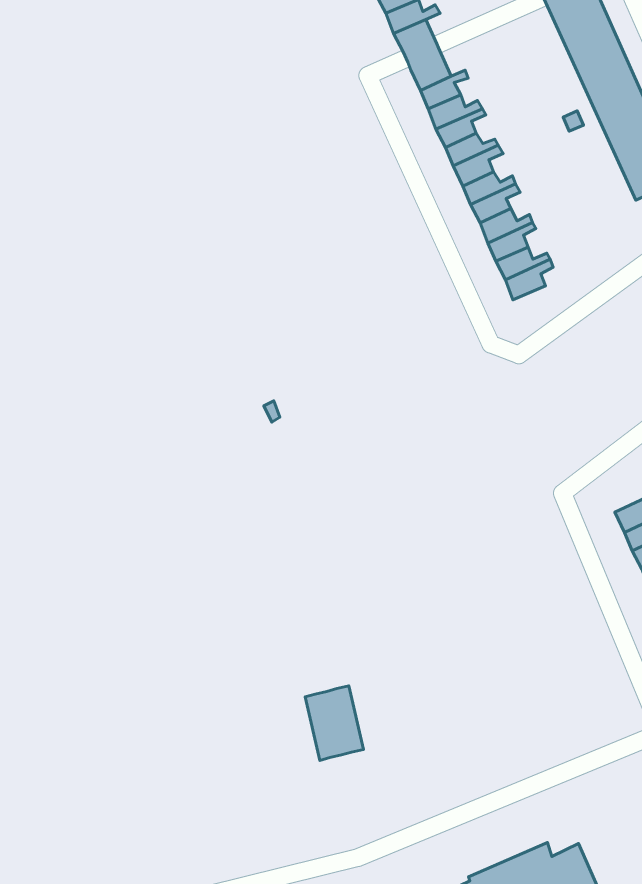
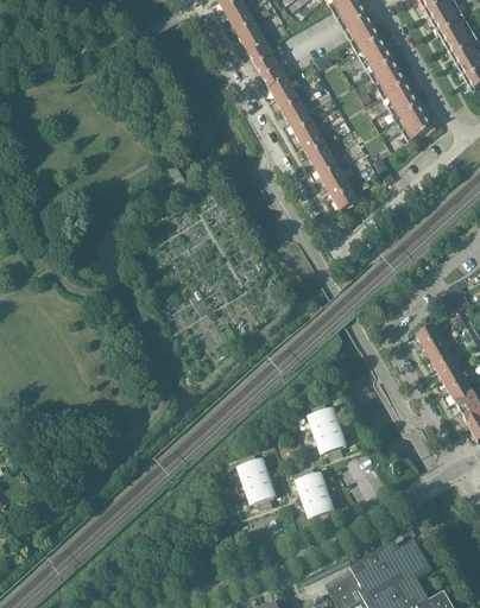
building: none -> [307,408,346,455]
building: none -> [295,473,334,520]

